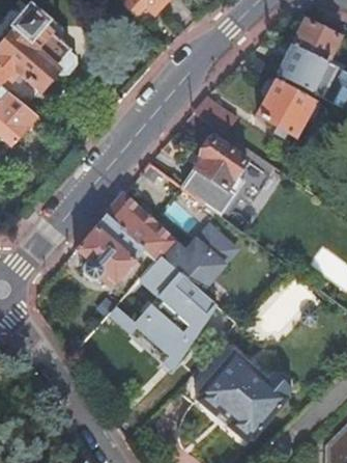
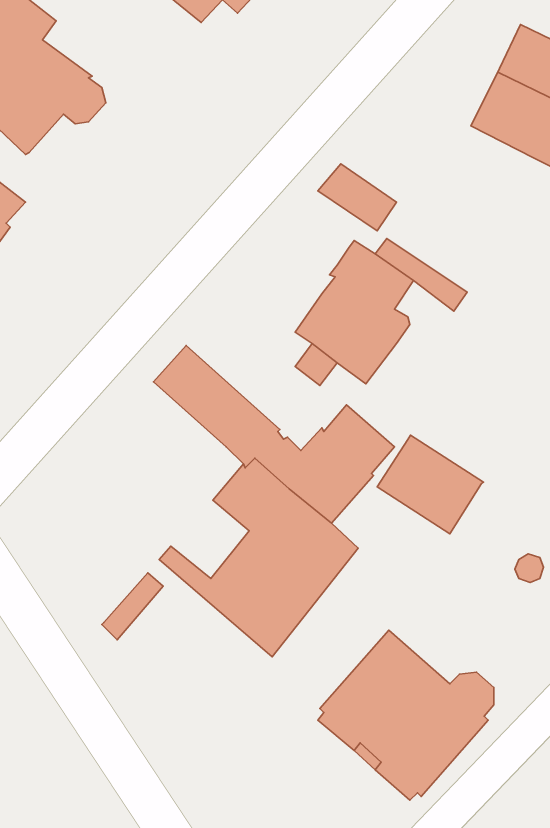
building: [257,79,316,137] -> none
building: [78,215,146,288] -> none
building: none -> [377,435,483,534]

